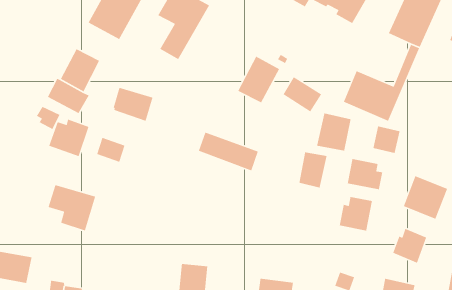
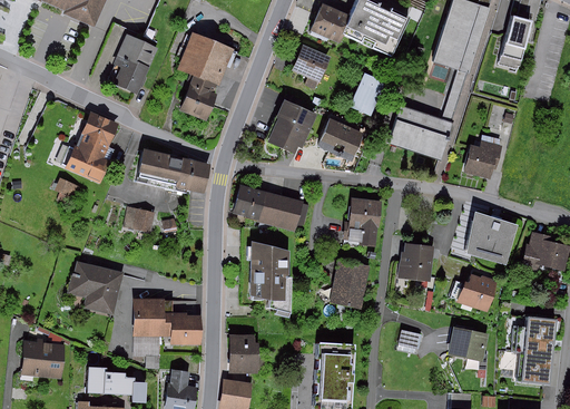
building: none -> [296,45,332,79]
building: none -> [348,71,385,115]
building: none -> [174,156,209,194]
building: [316,113,352,152] -> none
building: [48,119,90,157] -> none
building: [372,126,400,154] -> [466,146,495,175]
building: [347,158,383,190] -> none
building: none -> [249,242,289,312]
building: none -> [333,261,368,304]
building: none -> [132,298,198,345]

